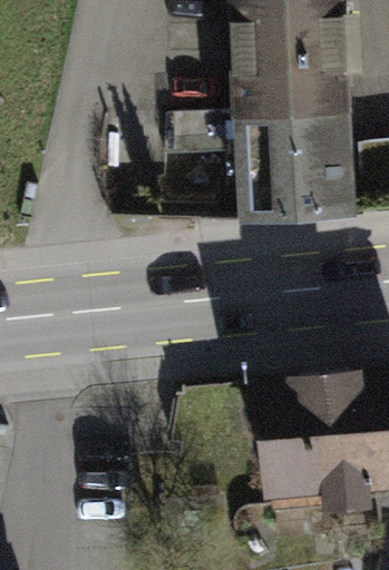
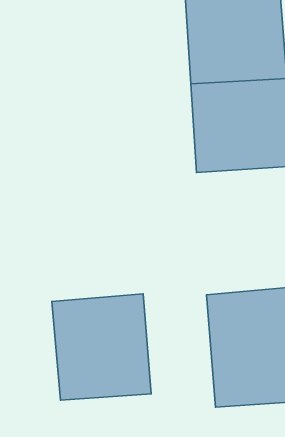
building: none -> [52,294,151,400]

